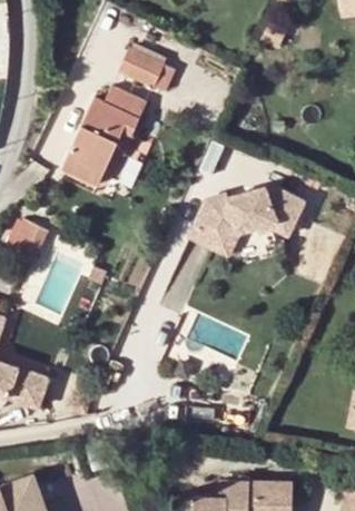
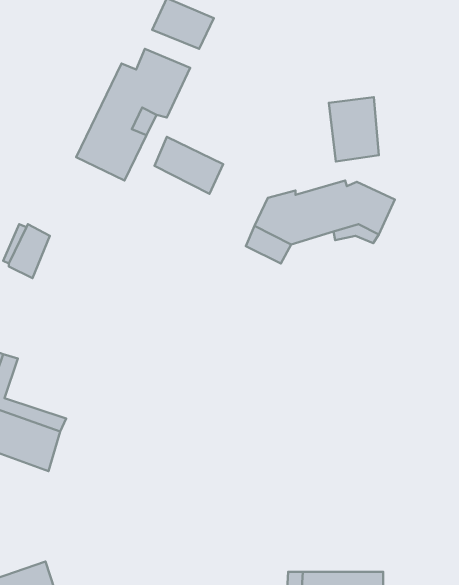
building: none -> [329,97,379,162]
building: none -> [154,137,223,194]

